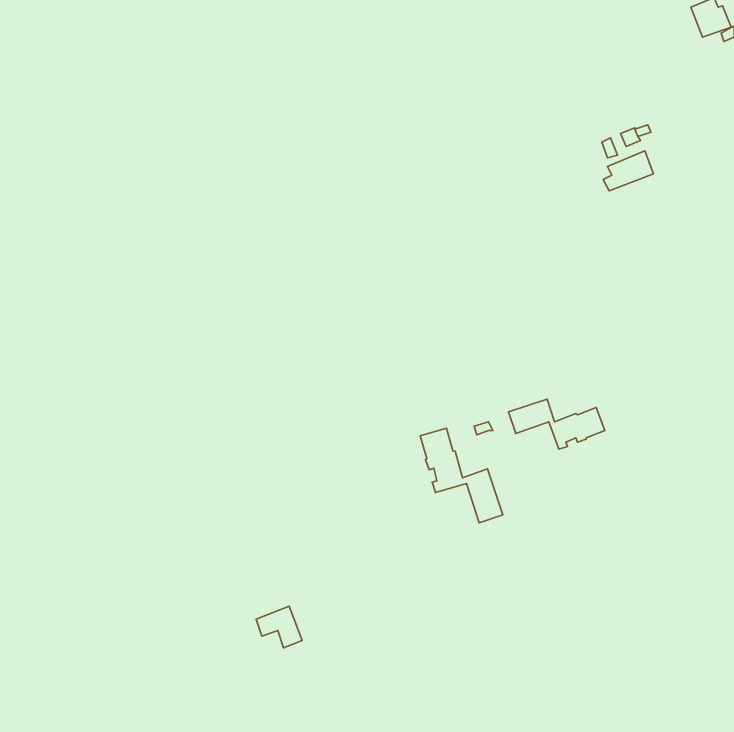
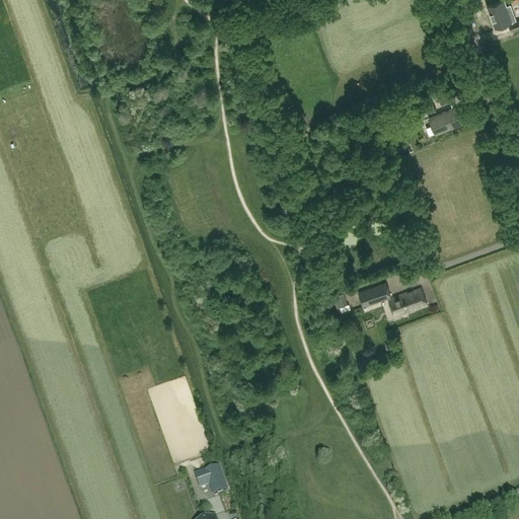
building: [420,428,503,523] -> none
building: [256,606,302,648] -> [196,464,228,494]

